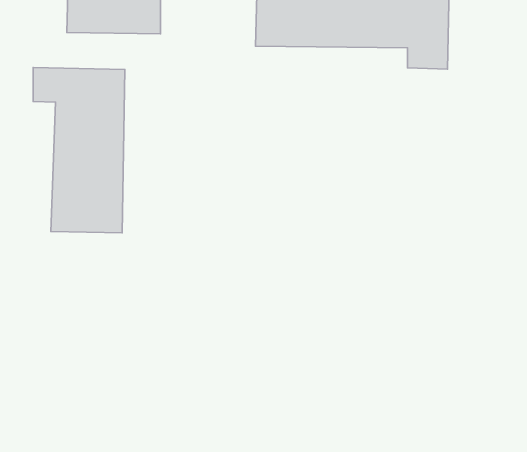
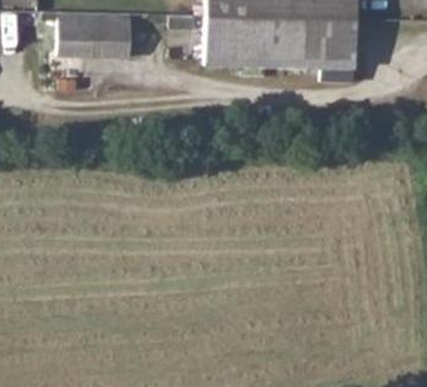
building: [33,67,125,233] -> none

